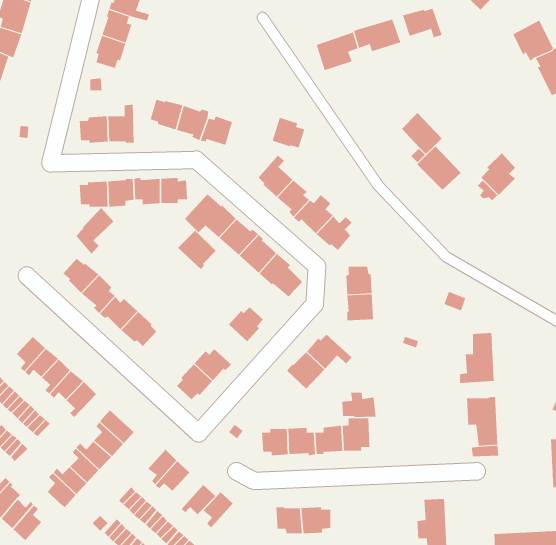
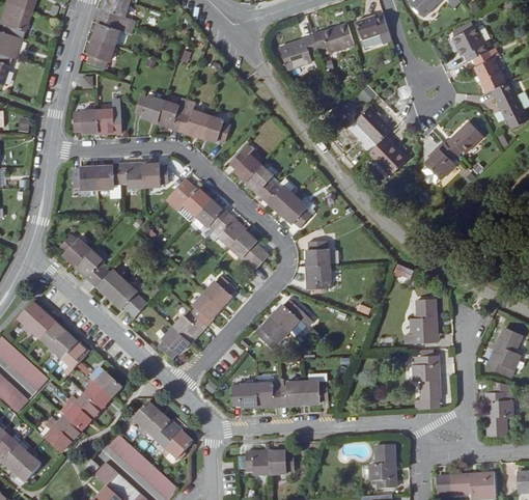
building: [272,117,305,148] -> [201,114,230,141]
building: none -> [445,120,482,156]
building: [75,207,114,255] -> none
building: [177,230,216,270] -> none
building: none -> [191,291,220,327]
building: [342,392,376,418] -> none
building: [203,492,234,528] -> [155,421,182,453]

